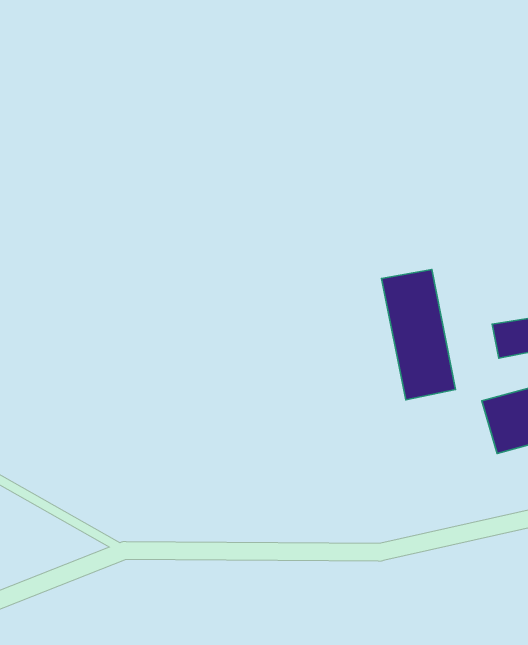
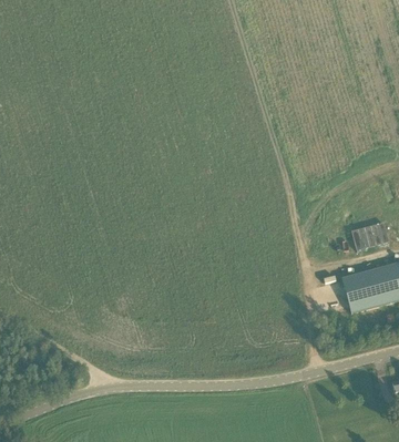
building: [382,270,456,400] -> none

